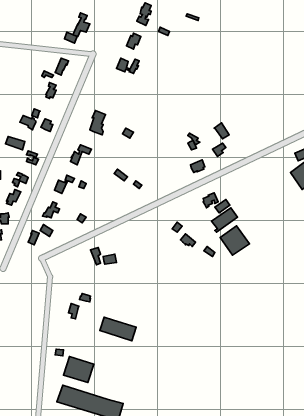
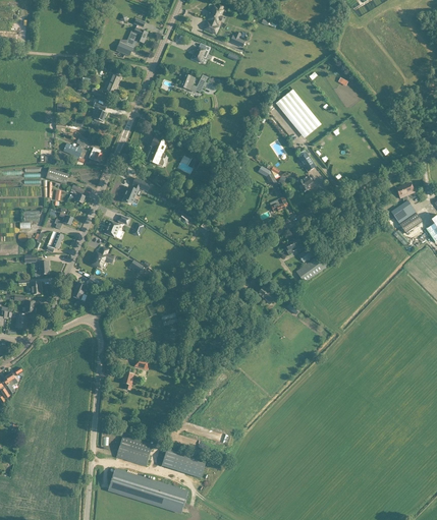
building: none -> [275,89,320,138]
building: [220,226,250,255] -> none
building: [100,317,136,341] -> [161,449,205,477]

